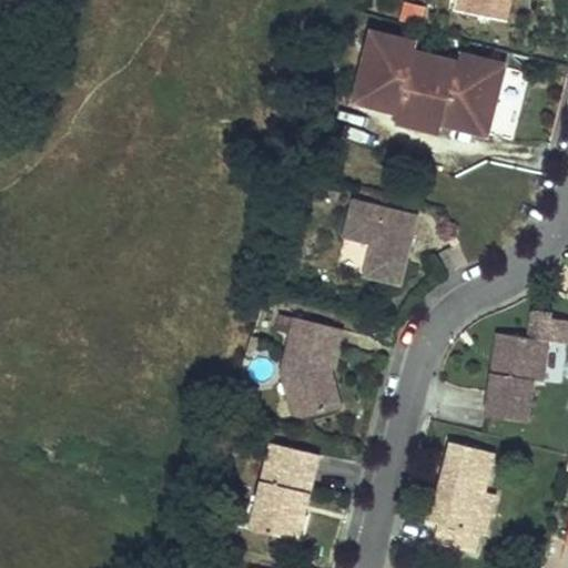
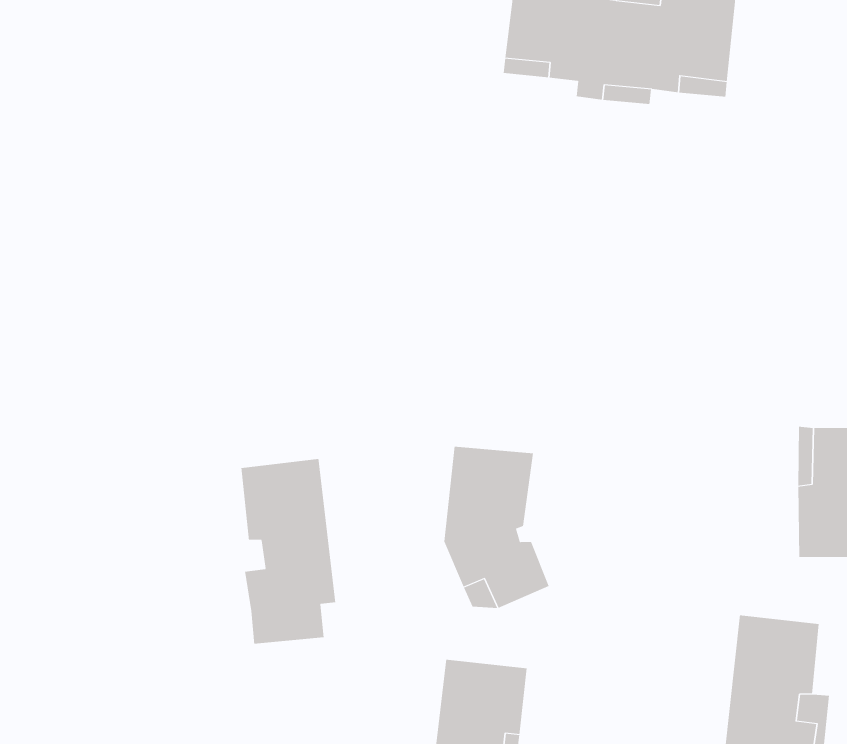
building: [344,201,416,285] -> none
building: none -> [241,458,336,644]

